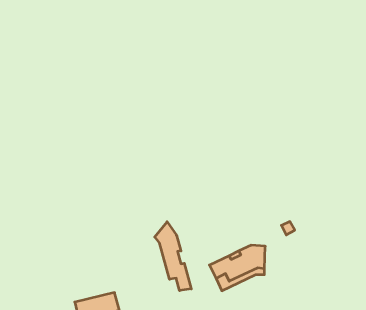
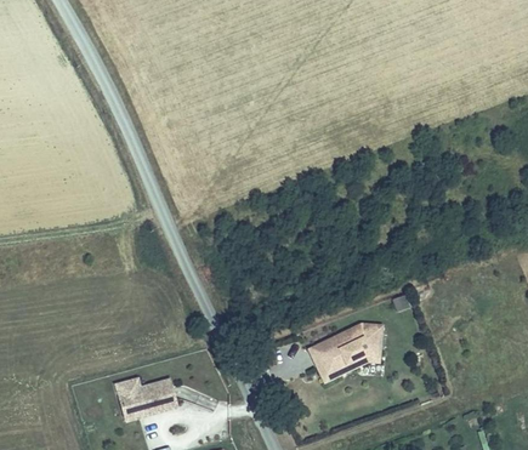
building: [155,222,191,291] -> none

